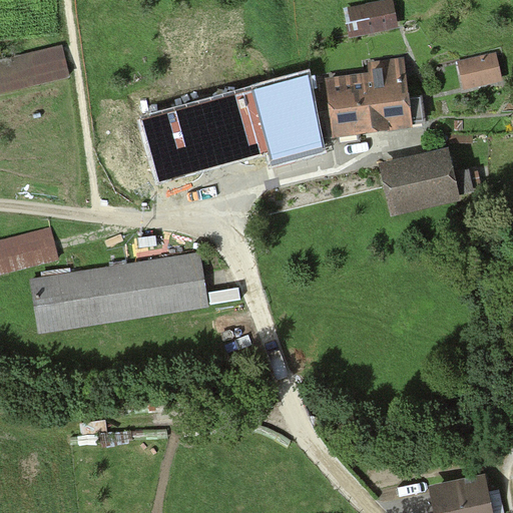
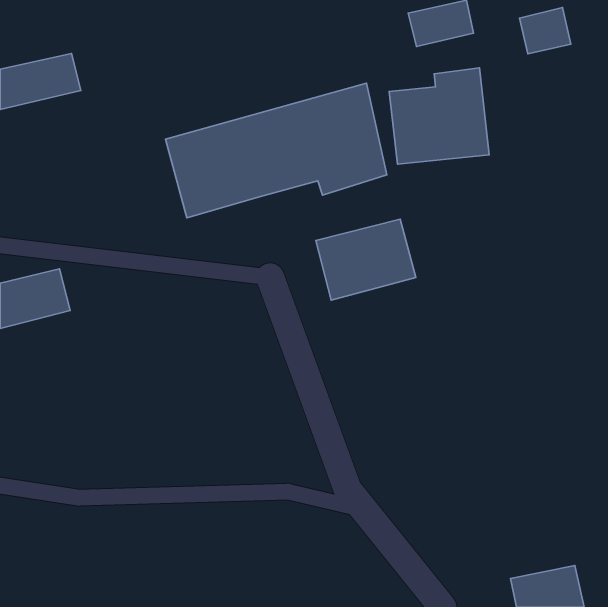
building: [457,51,500,90] -> [520,7,571,54]
building: [376,149,460,217] -> [316,219,416,300]
building: [29,250,209,332] -> none

